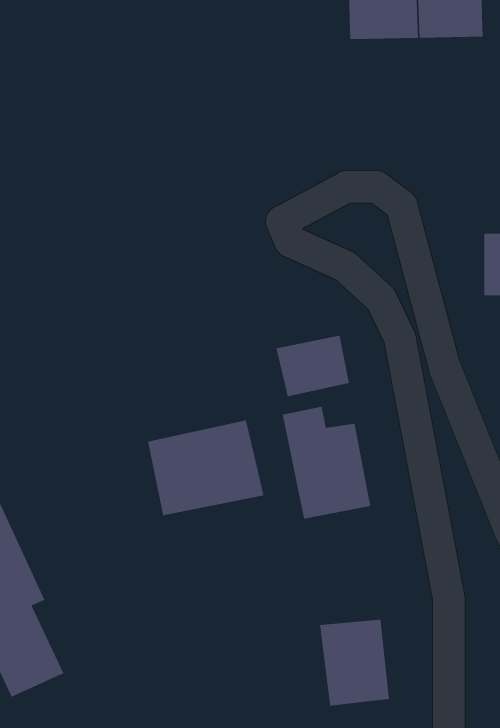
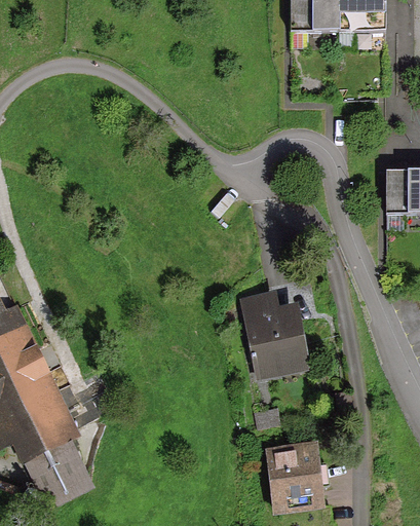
building: [276,335,350,397] -> none
building: [147,420,264,516] -> none

